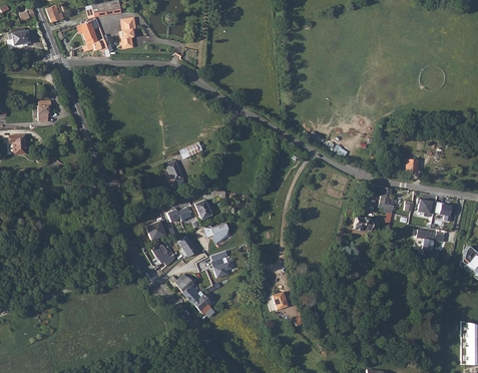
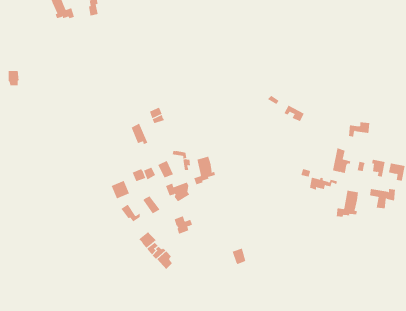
building: none -> [194,156,215,185]
building: none -> [336,190,359,217]

